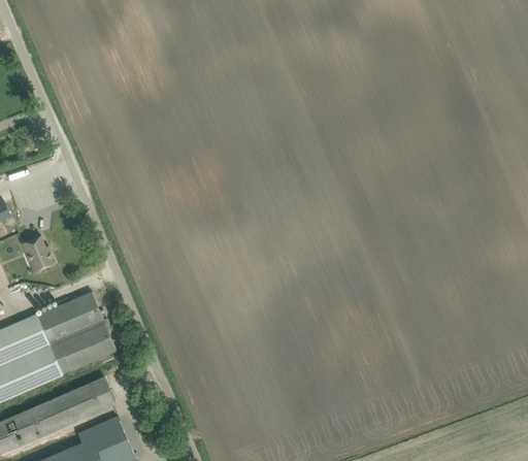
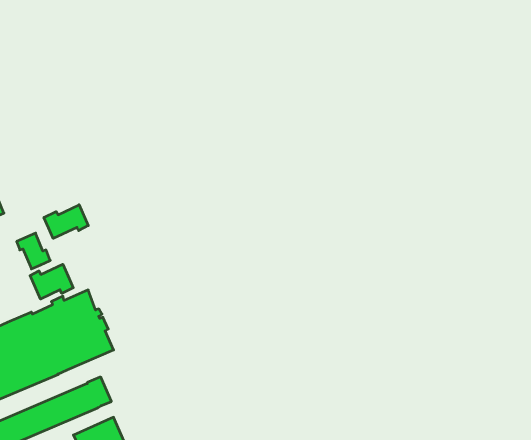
building: none -> [44,205,88,238]
building: none -> [30,264,73,299]

